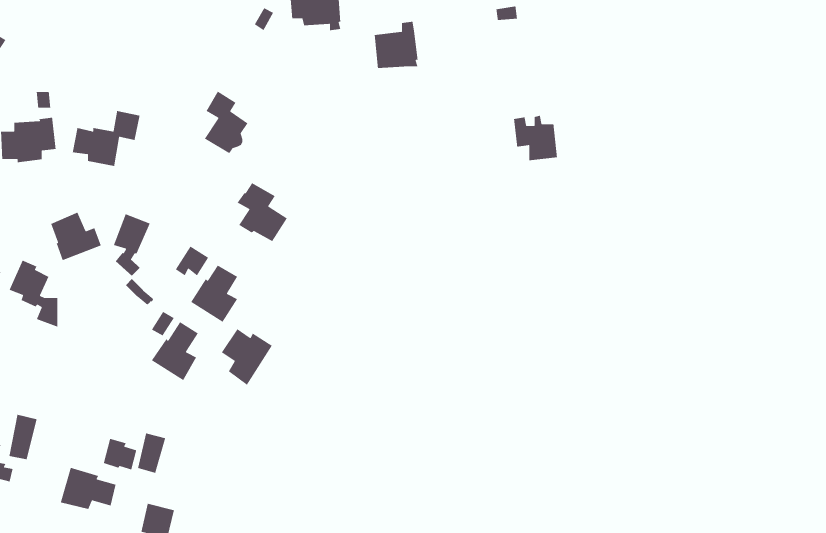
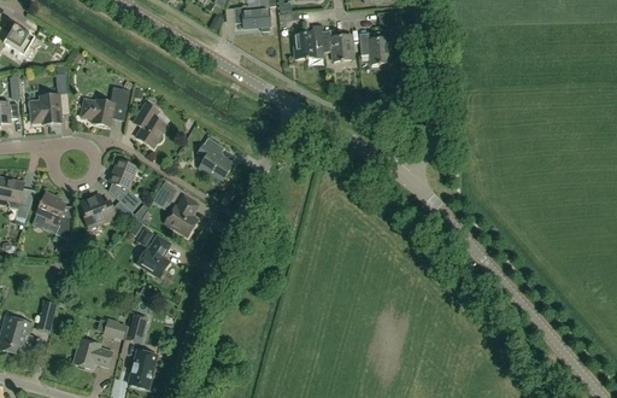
building: none -> [322,30,353,60]
building: [204,91,248,154] -> [135,103,166,147]
building: [513,115,558,161] -> [359,31,390,64]
building: [50,212,102,261] -> [80,193,116,228]
building: [221,328,273,386] -> none

